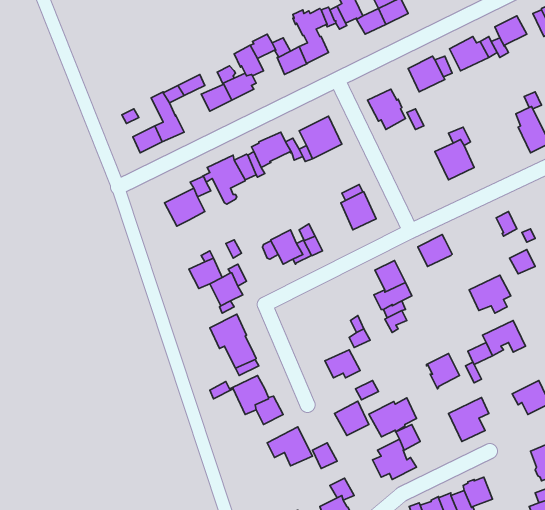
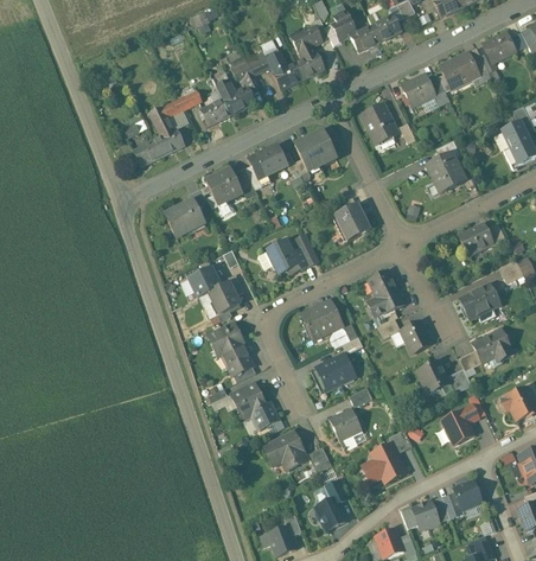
building: [418,235,452,266] -> [459,223,492,254]
building: none -> [301,301,342,338]
building: none -> [401,321,430,353]
building: [369,398,416,437] -> none

